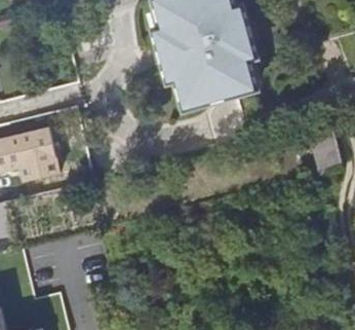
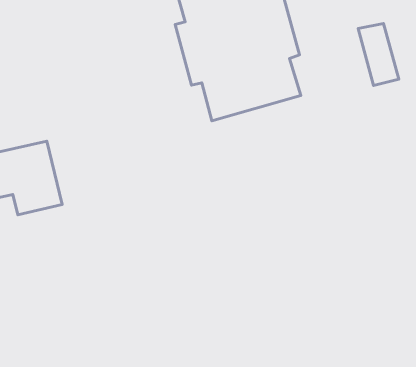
building: [310,123,343,174] -> [358,23,399,86]

